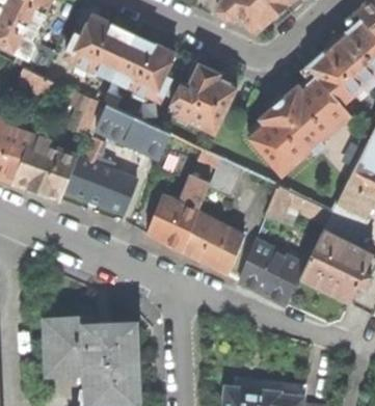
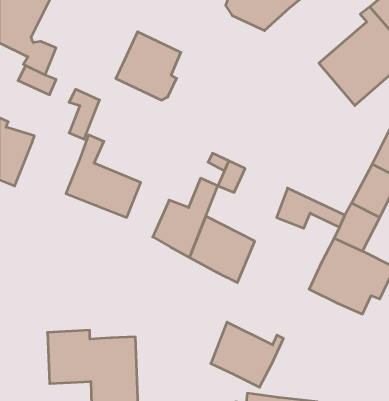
building: [68,16,133,79] -> none
building: [246,64,349,173] -> none
building: [169,65,236,132] -> none
building: [96,105,170,179] -> none
building: [16,137,78,197] -> none
building: [239,240,309,302] -> [211,322,283,387]

